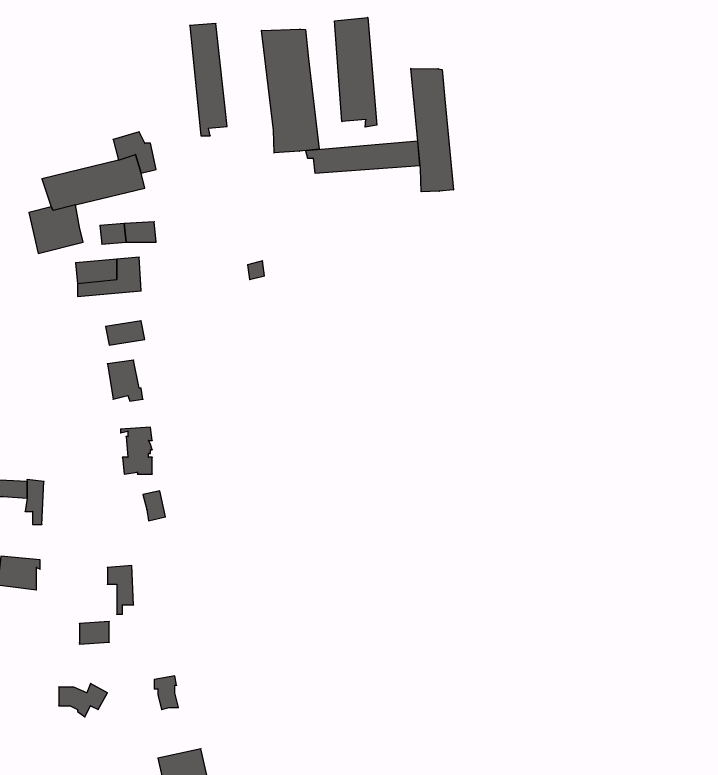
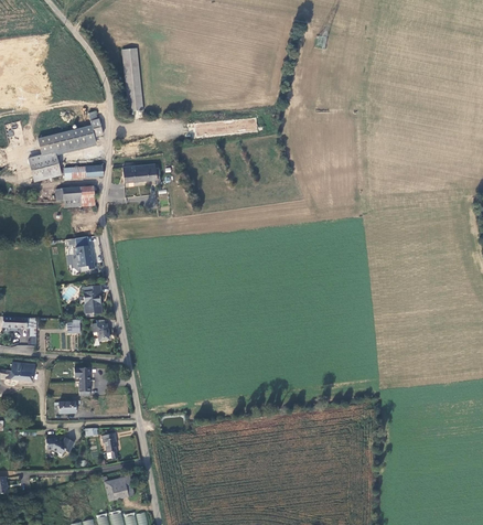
building: [335,17,377,127] -> none
building: [262,29,319,153] -> none
building: [411,68,453,192] -> none
building: none -> [121,163,160,183]

